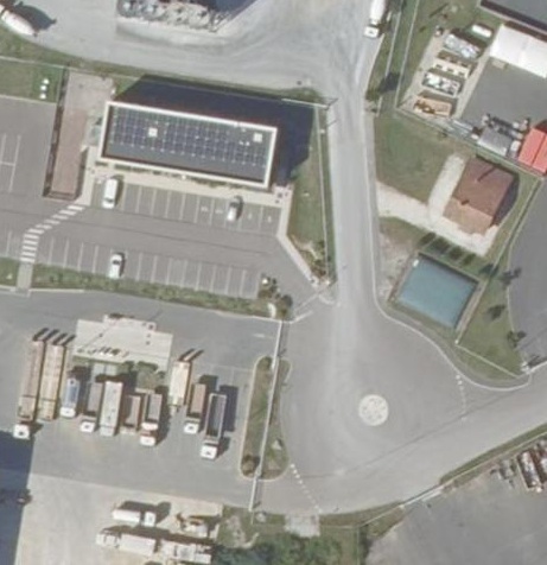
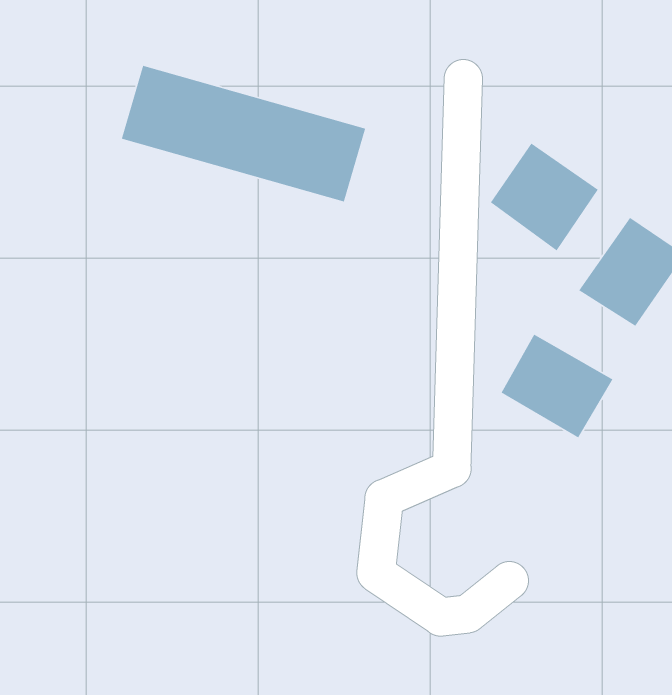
building: none -> [490,142,599,252]

